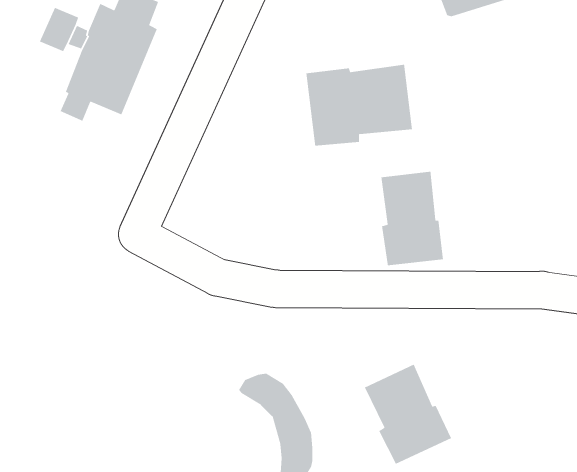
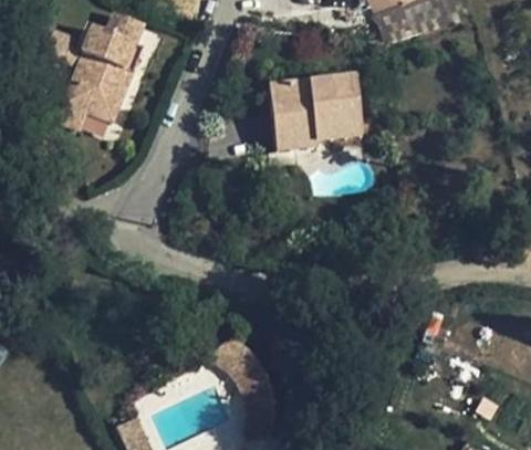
building: [381,171,444,266] -> none
building: [364,363,452,465] -> none

